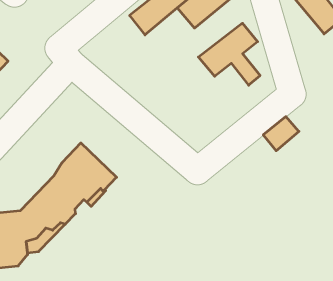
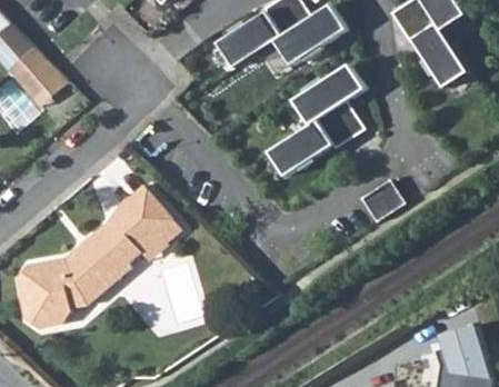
building: none -> [268,110,348,175]

